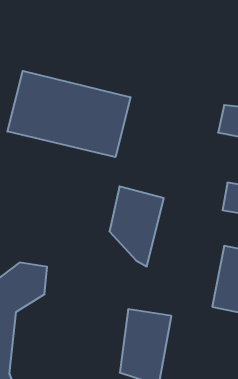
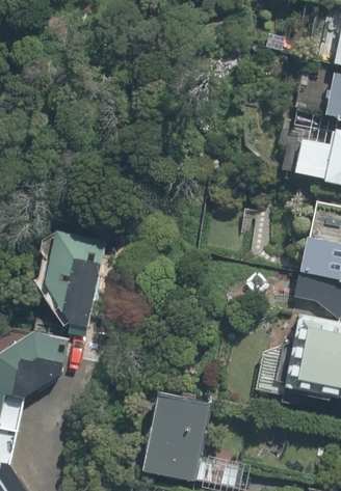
building: [7,71,130,157] -> none
building: [109,186,164,266] -> [38,229,106,329]

